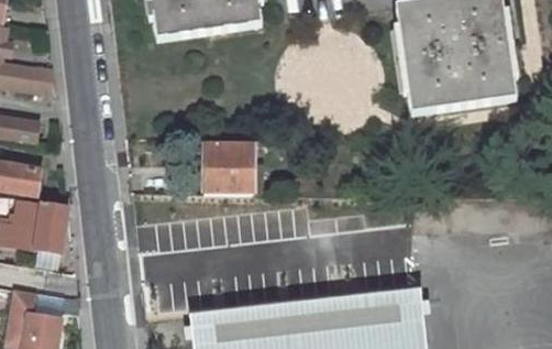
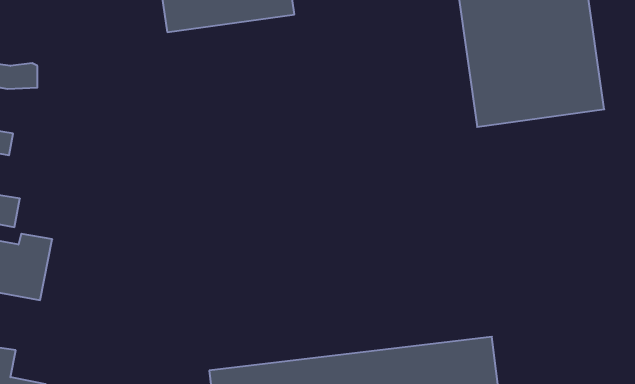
building: [205,144,254,195] -> none

